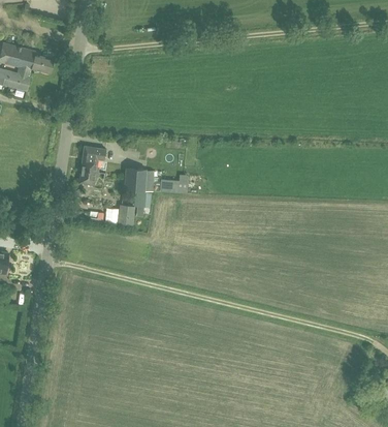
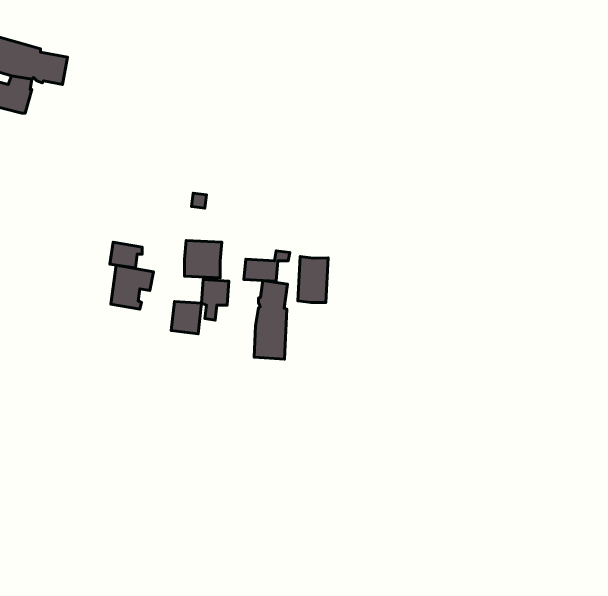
building: [80,145,106,172] -> [111,265,153,309]
building: none -> [298,256,328,303]
building: none -> [254,281,288,359]

